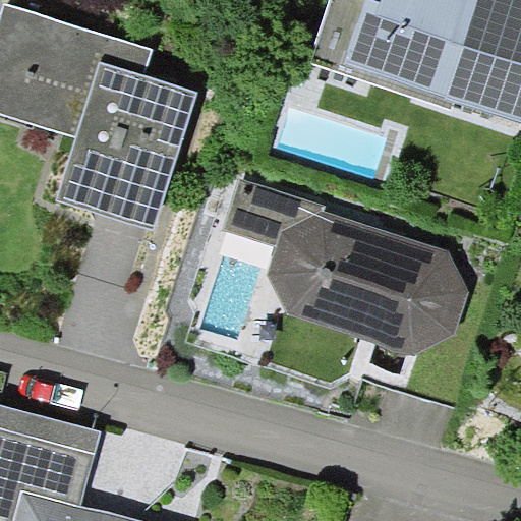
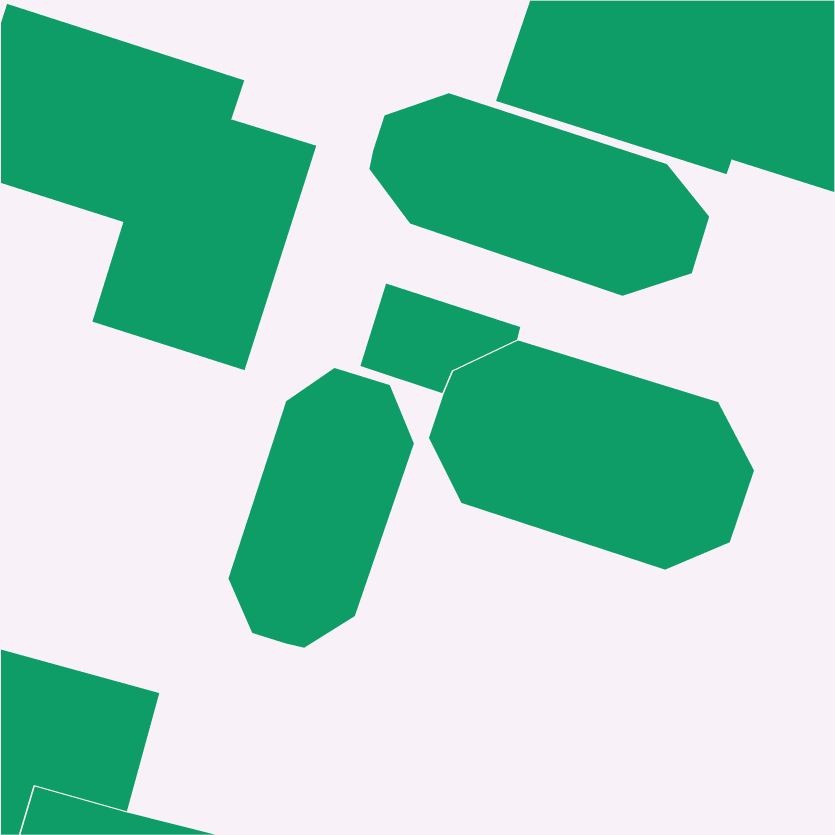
building: none -> [369,92,710,296]
building: none -> [228,367,415,648]

